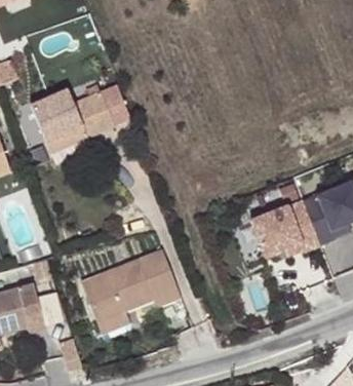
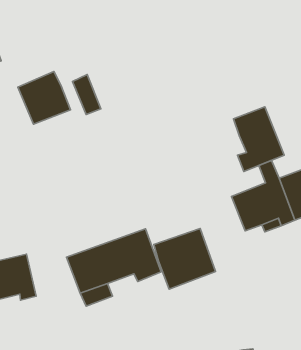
building: [44,99,100,155] -> none
building: none -> [234,107,284,171]
building: none -> [154,228,215,289]

